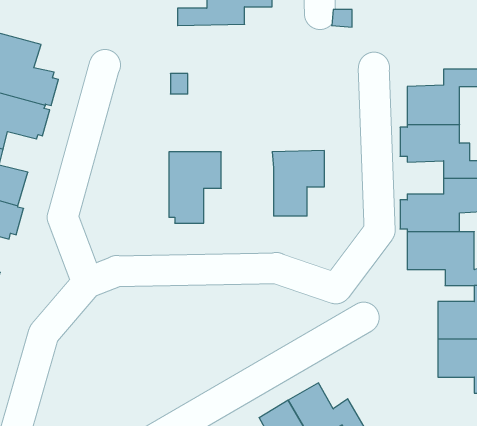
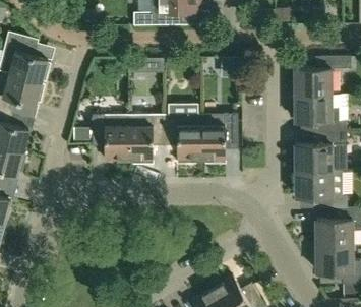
building: none -> [92,114,128,160]
building: none -> [165,114,201,164]

